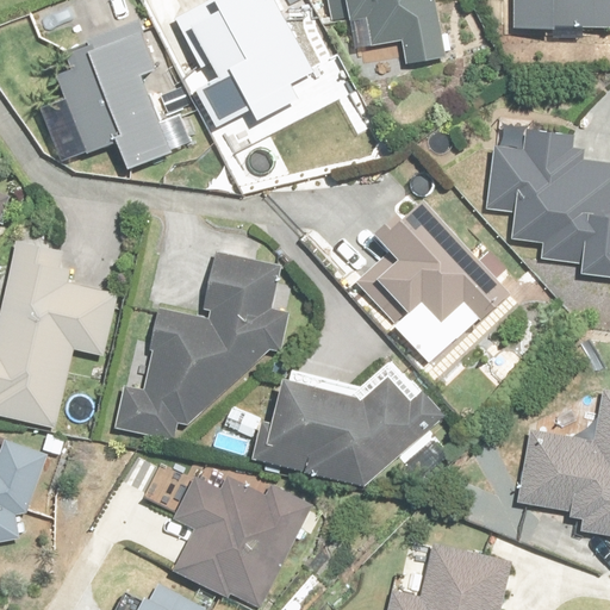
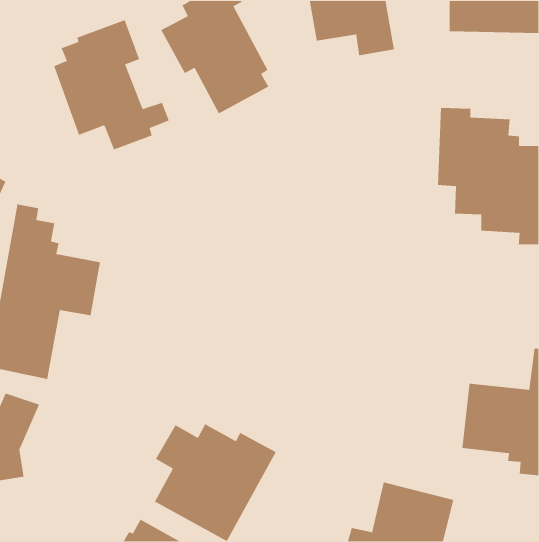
building: [373,199,511,362] -> none
building: [114,251,291,440] -> none
building: [261,367,444,486] -> none

